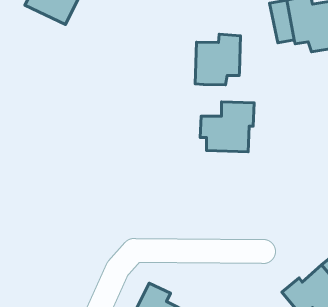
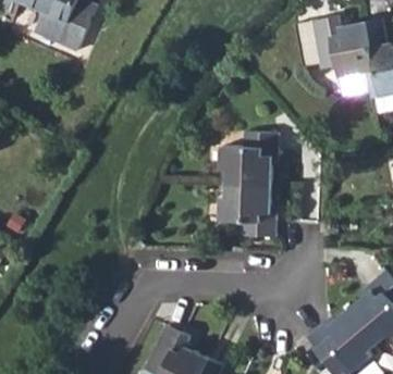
building: [195,34,241,85] -> none
building: none -> [219,184,275,235]

